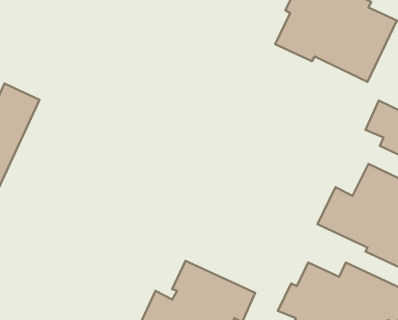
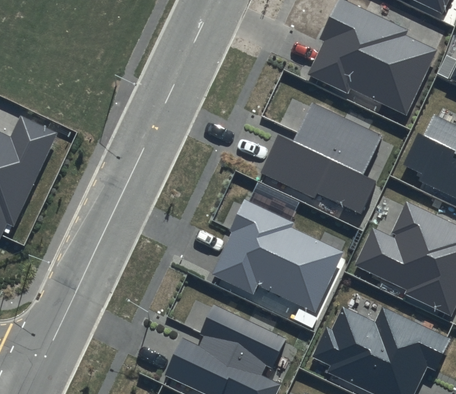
building: none -> [261,105,381,216]
building: none -> [211,200,343,312]

